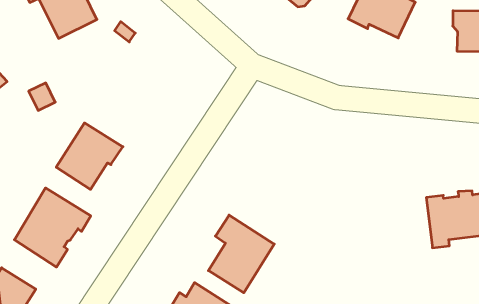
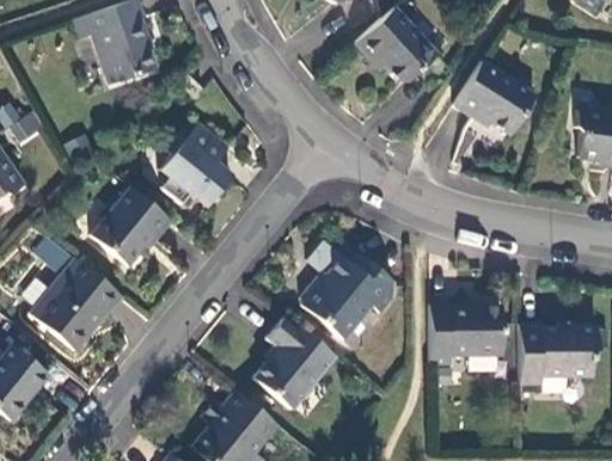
building: none -> [159,122,238,205]
building: none -> [300,252,394,339]
building: none -> [430,303,502,363]

